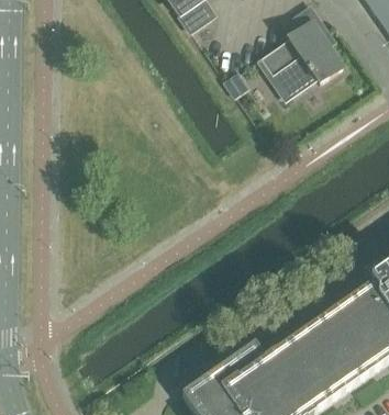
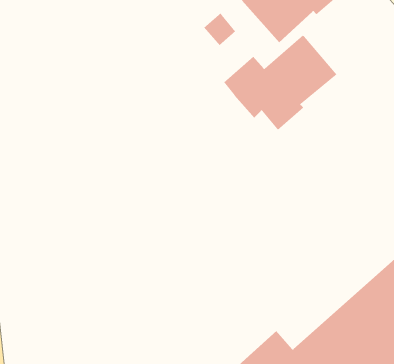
building: none -> [223,34,338,131]

